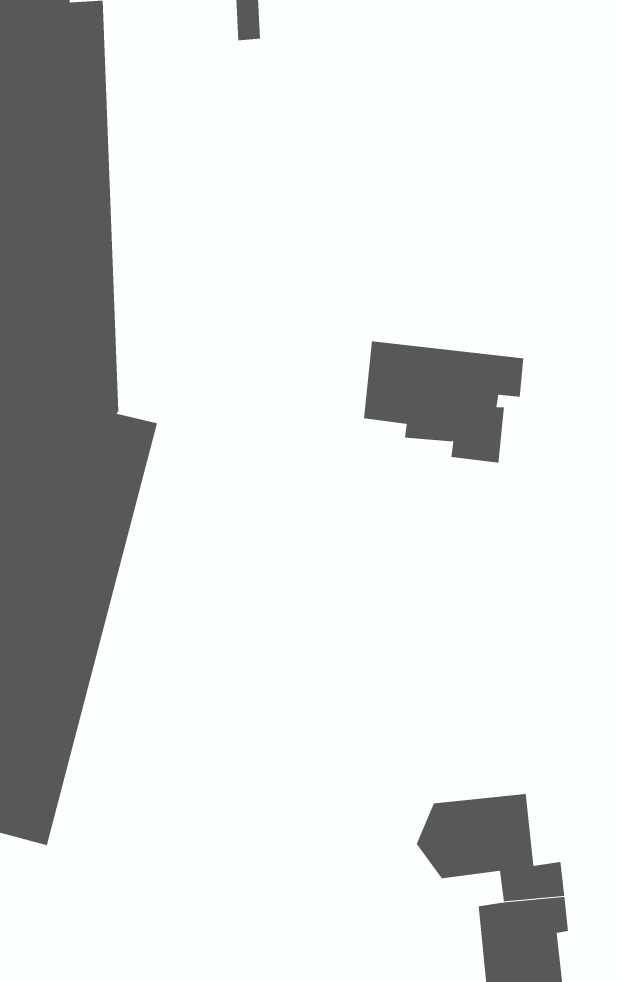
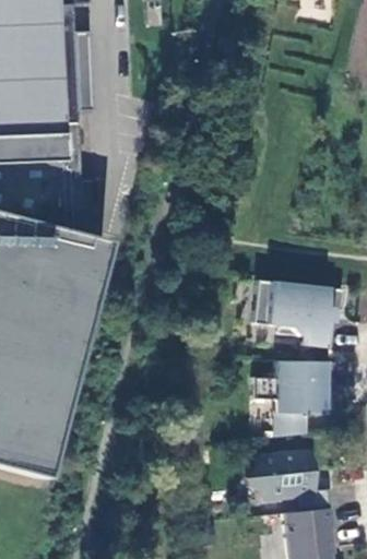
building: [363,341,524,463] -> [249,280,340,348]
building: none -> [249,361,331,437]

